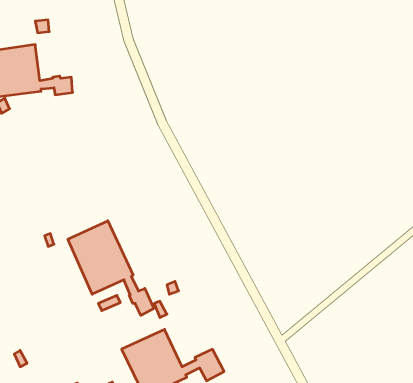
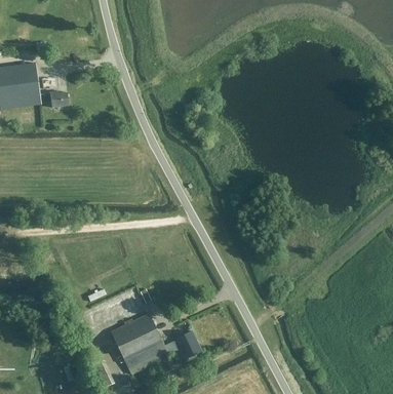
building: [68,221,154,315] -> none

